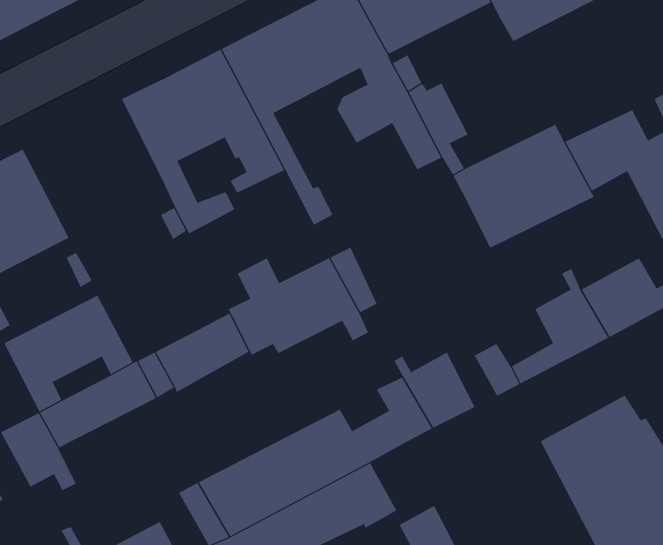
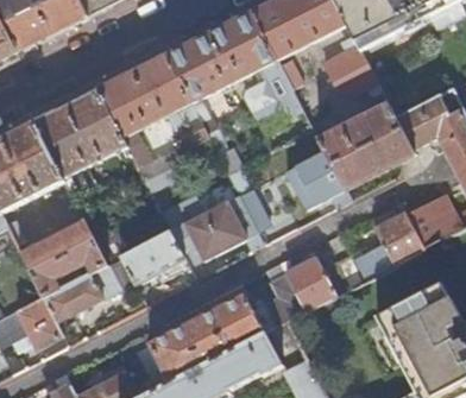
building: none -> [323,36,379,95]
building: none -> [32,88,126,178]
building: none -> [284,150,344,208]

